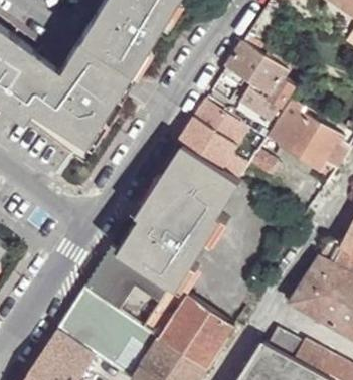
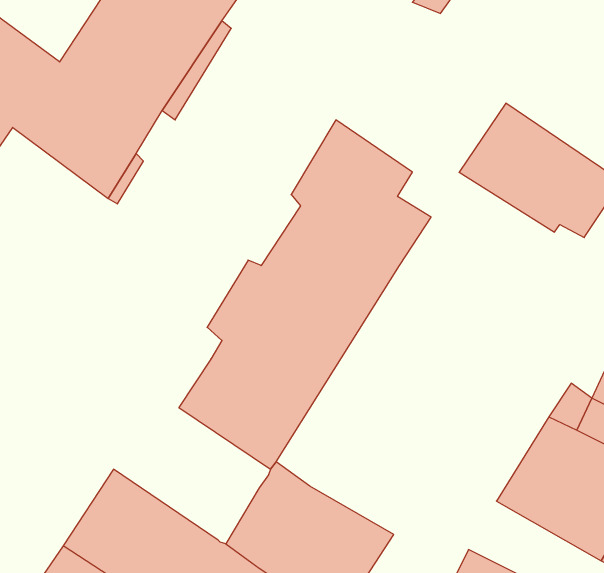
building: [220,43,299,123] -> none
building: [85,253,169,329] -> none

